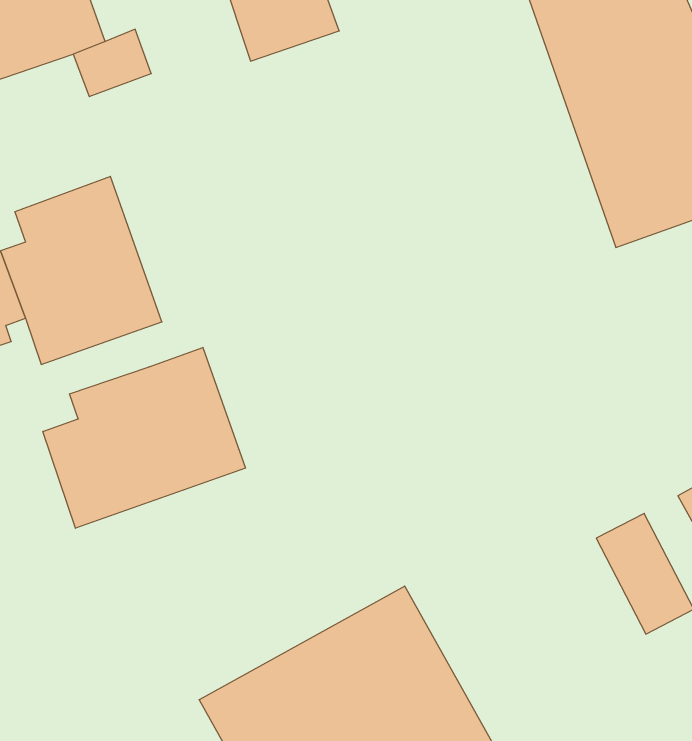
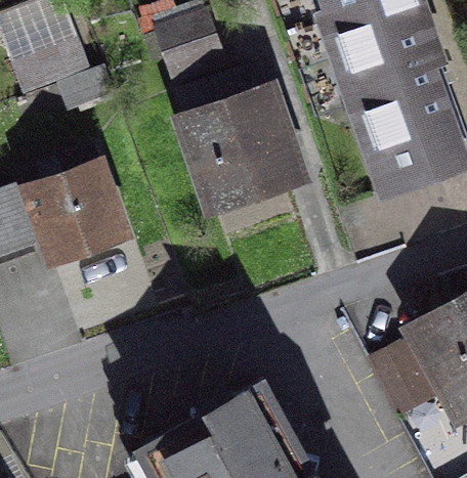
building: none -> [178,64,295,201]
building: [43,347,246,528] -> none

